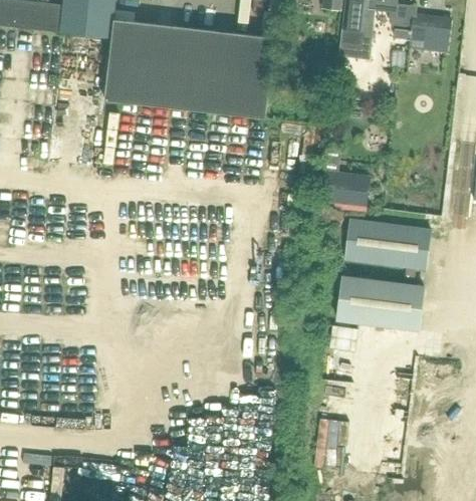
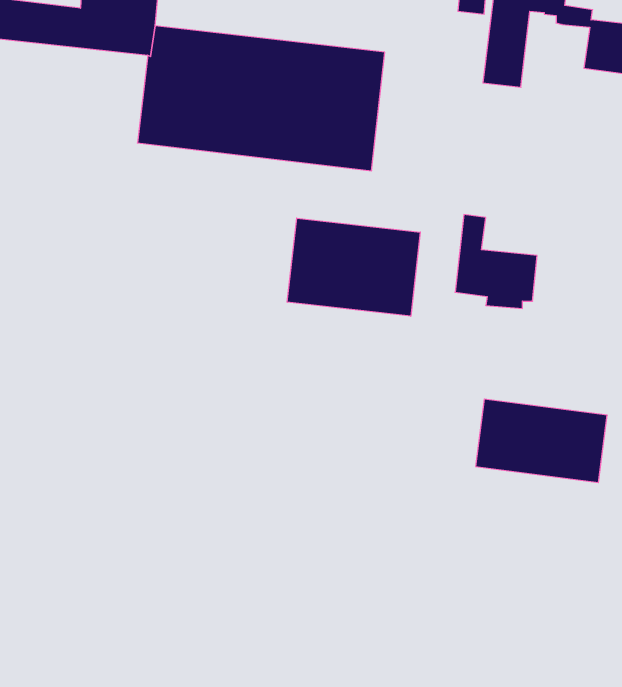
building: none -> [287,218,420,316]
building: [347,220,430,269] -> none

